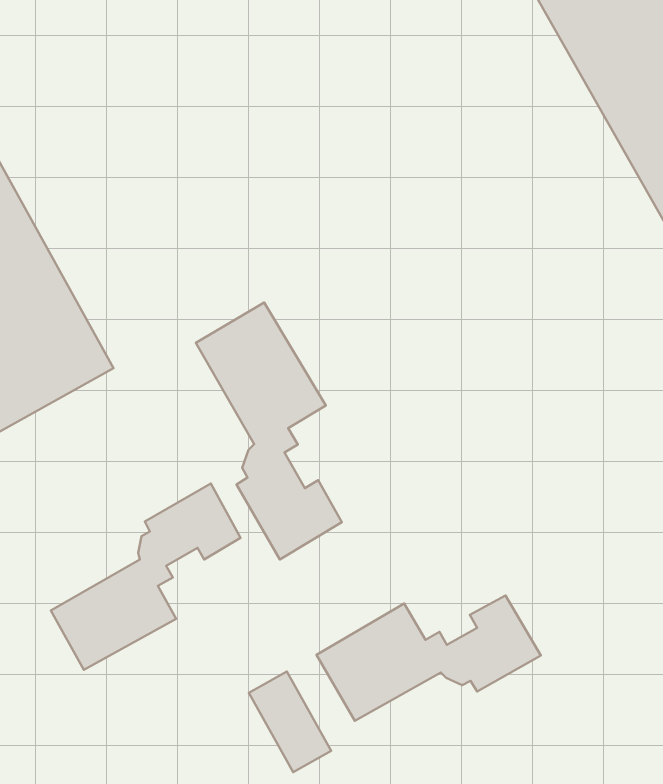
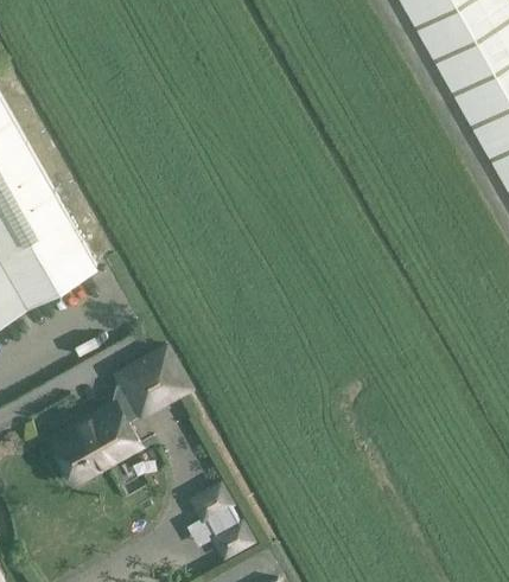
building: [196,302,342,560] -> none
building: [317,595,541,721] -> none

